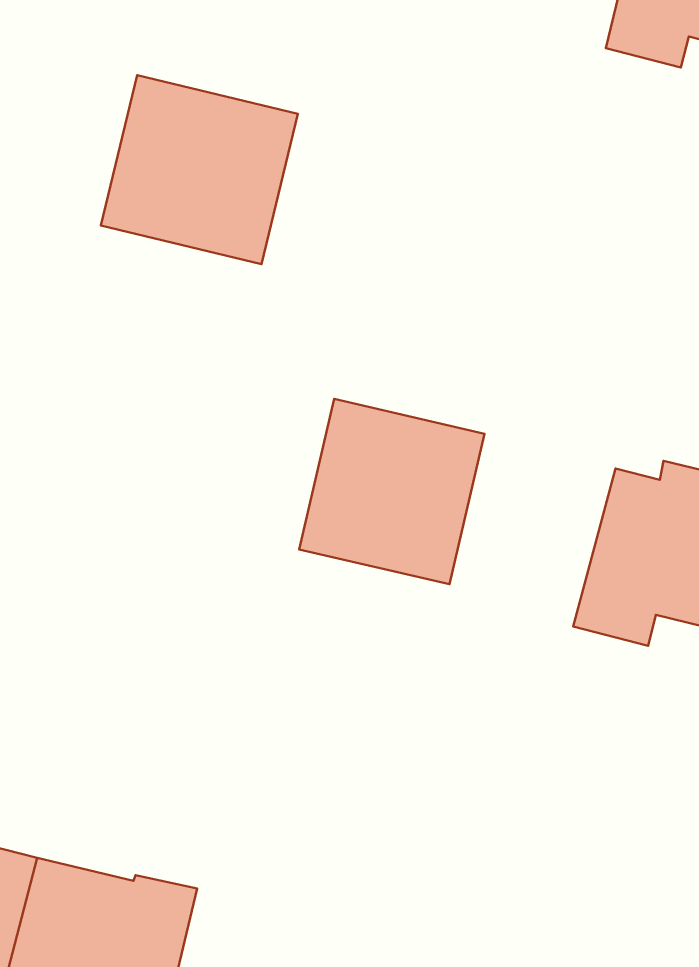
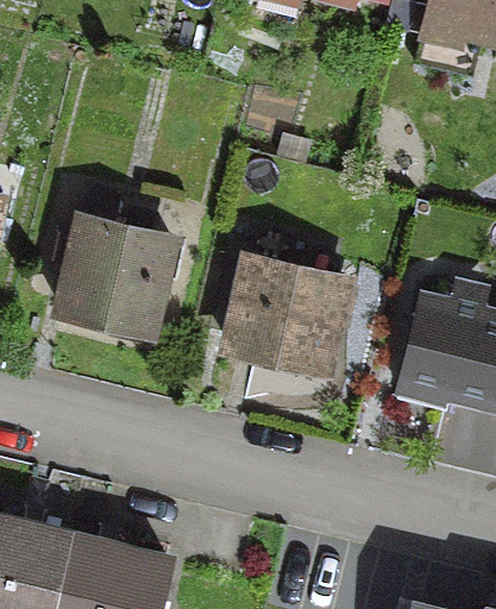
building: [101,75,298,264] -> none
building: none -> [56,194,170,331]

